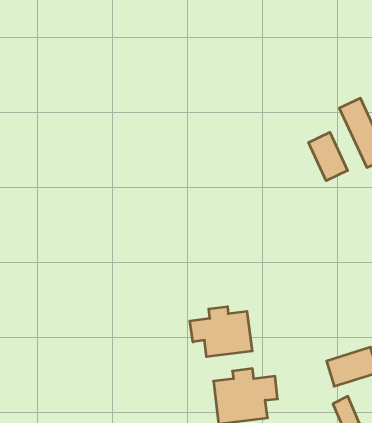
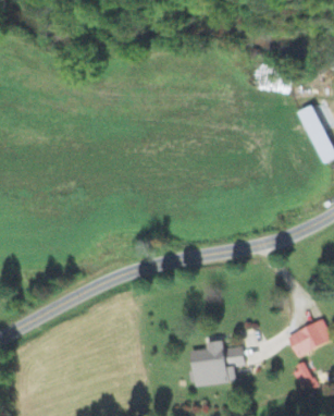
building: [309,132,348,181] -> none
building: [190,307,252,357] -> none

